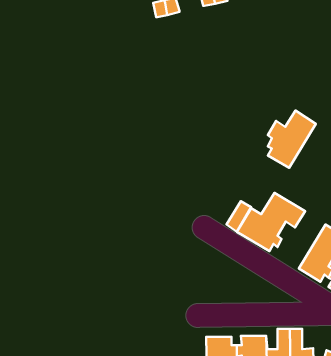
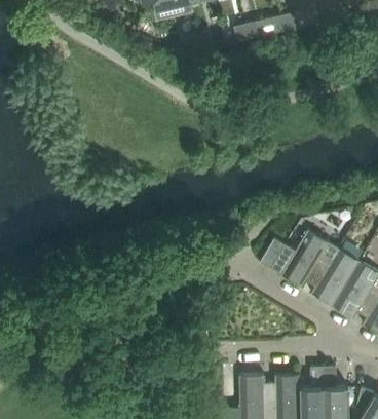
building: [268,111,316,168] -> [311,249,360,306]

